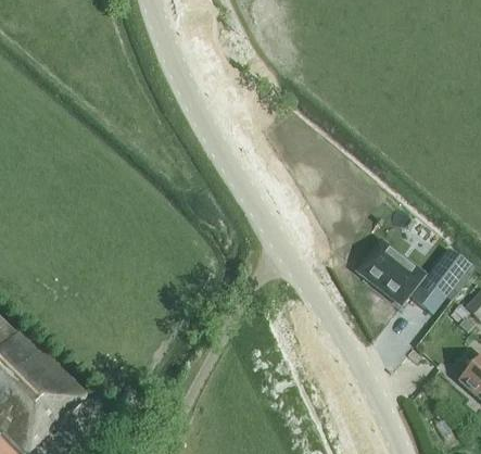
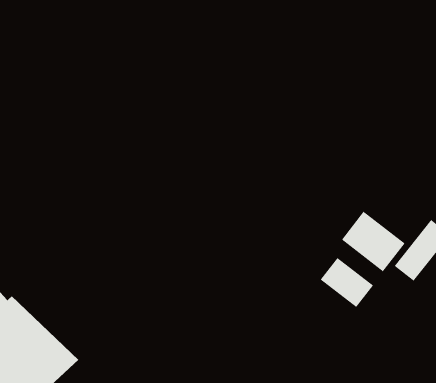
building: none -> [320,257,374,308]

